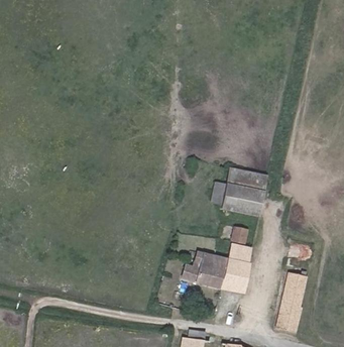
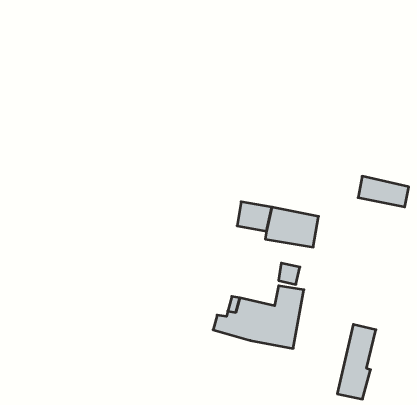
building: [228,167,266,191] -> [358,176,409,207]

